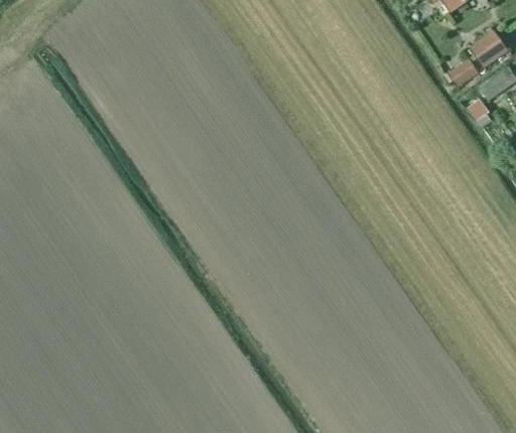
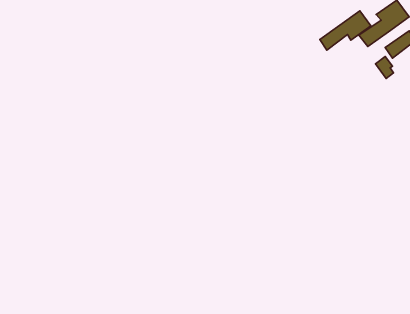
building: none -> [320,11,371,50]

